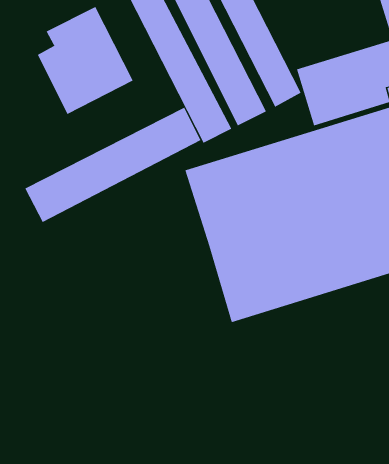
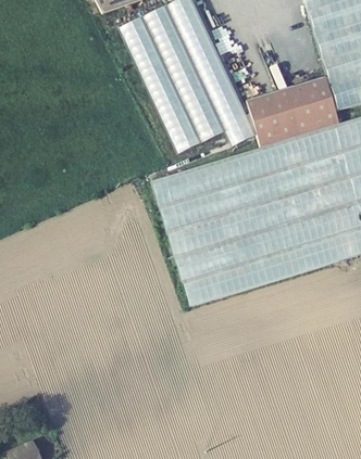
building: [37,6,134,115] -> none
building: [25,107,201,223] -> none

